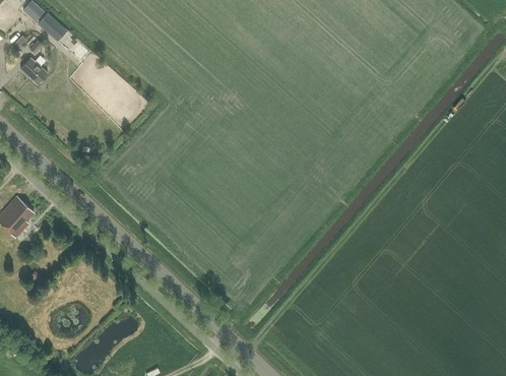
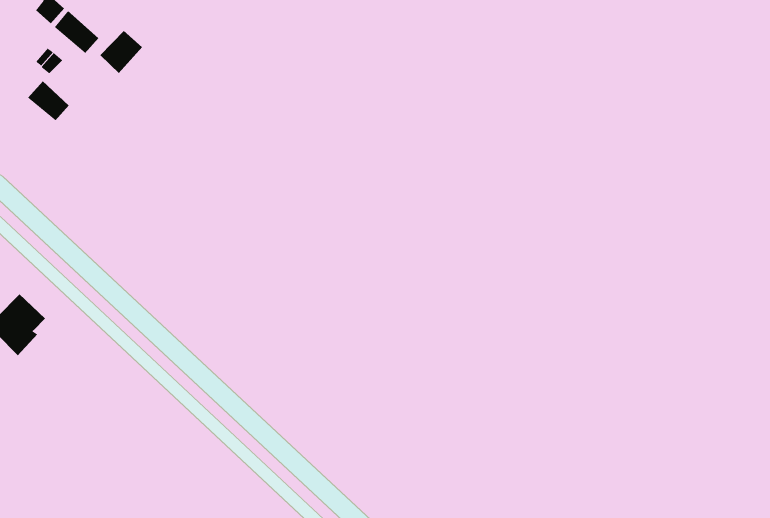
building: none -> [100,30,143,74]

